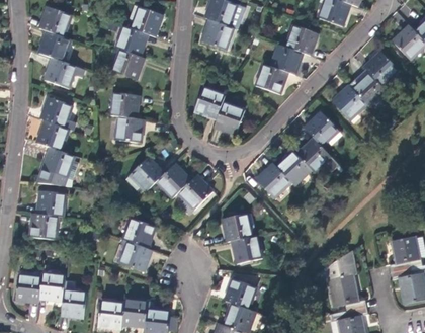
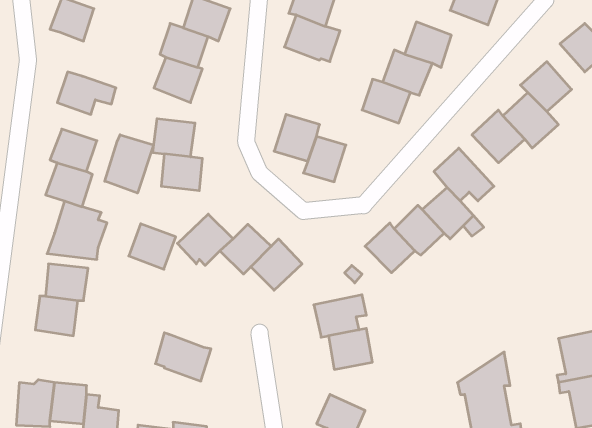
building: [38,30,70,61] -> none
building: none -> [105,135,154,193]
building: [121,217,154,248] -> [129,224,176,269]

